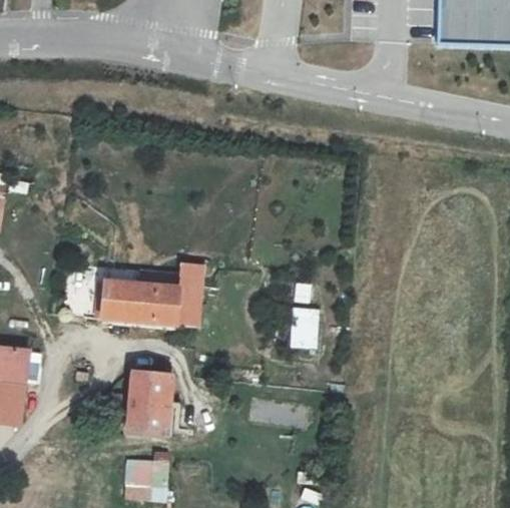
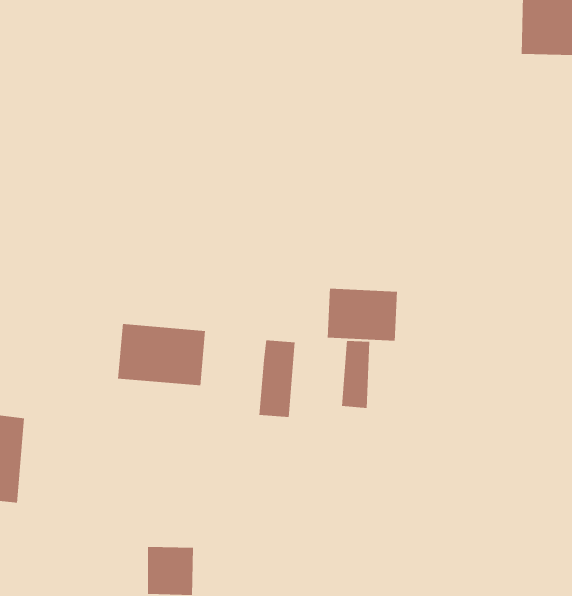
building: none -> [327,288,397,341]
building: [172,262,203,327] -> [258,340,296,418]
building: [127,369,172,438] -> none

